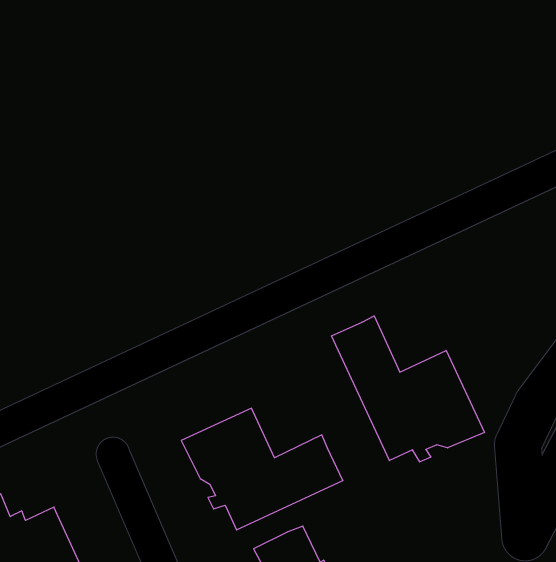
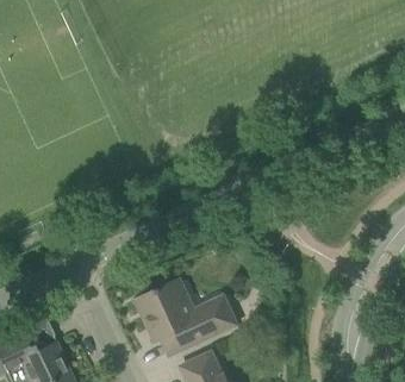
building: [332,316,485,462] -> none

